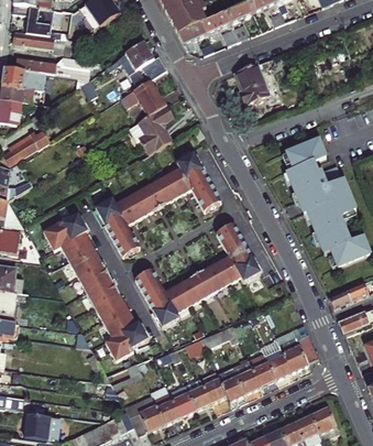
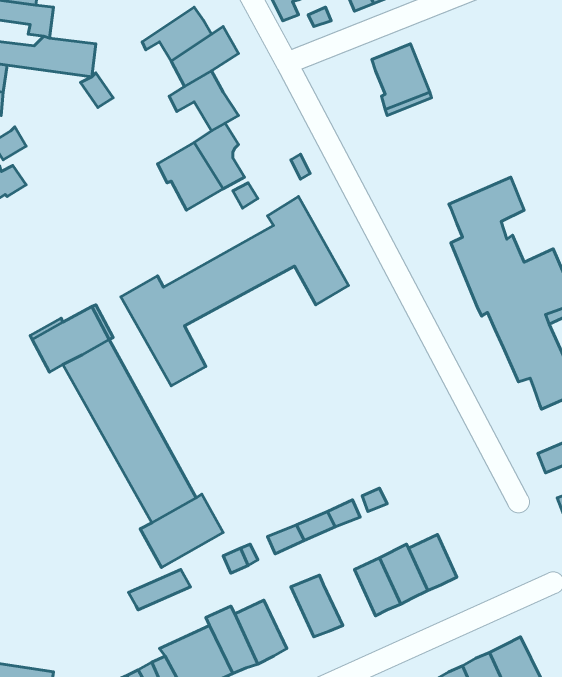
building: [140,222,268,328] -> none
building: [278,330,316,368] -> none
building: [215,363,244,398] -> none
building: [180,373,209,409] -> none

